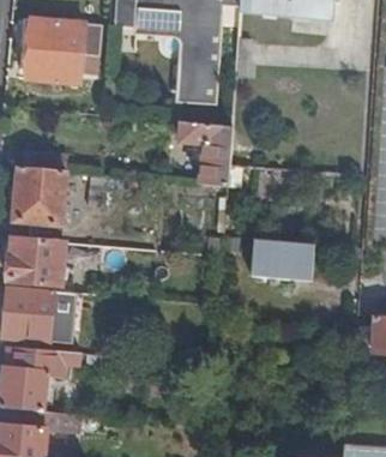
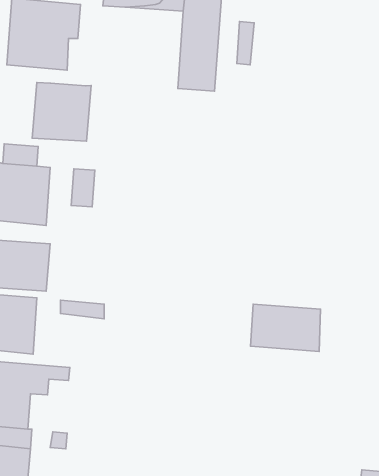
building: none -> [32,82,91,141]
building: [179,122,231,186] -> none
building: [251,239,314,282] -> [251,304,320,351]

